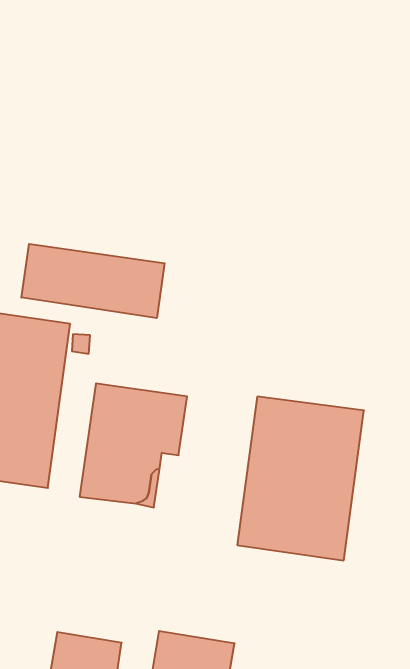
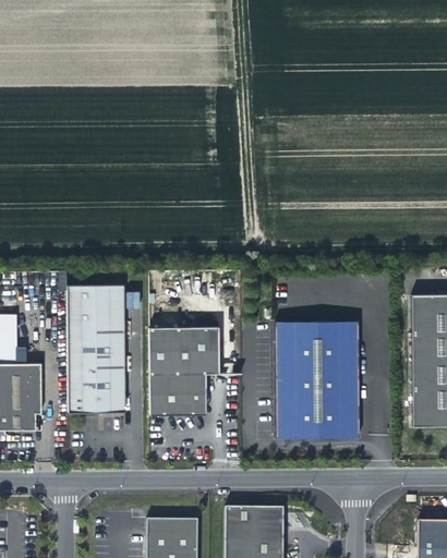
building: [21,244,165,318] -> none

